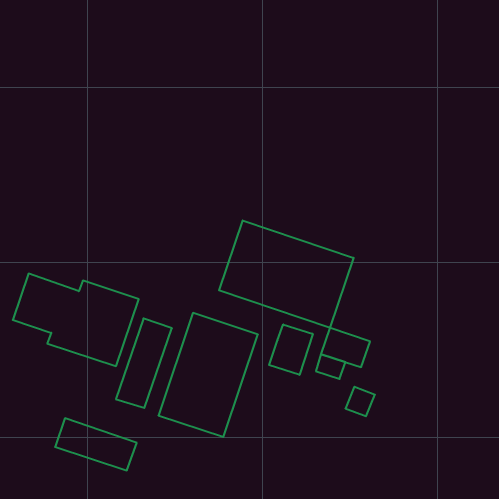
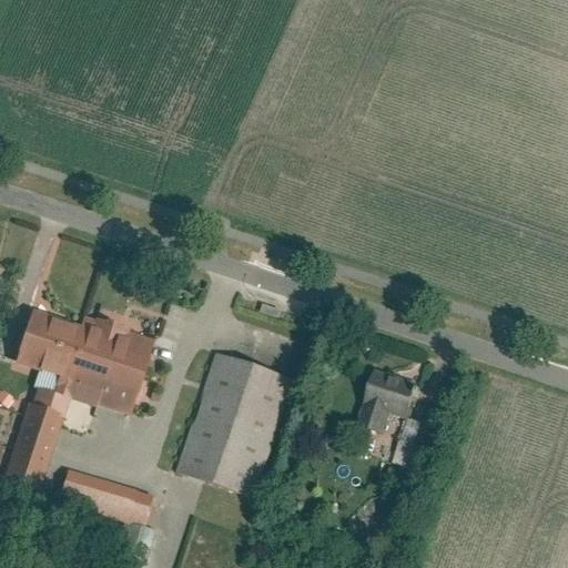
building: [219,220,354,328] -> none
building: [116,318,172,408] -> [6,385,69,486]
building: [269,324,313,375] -> none

